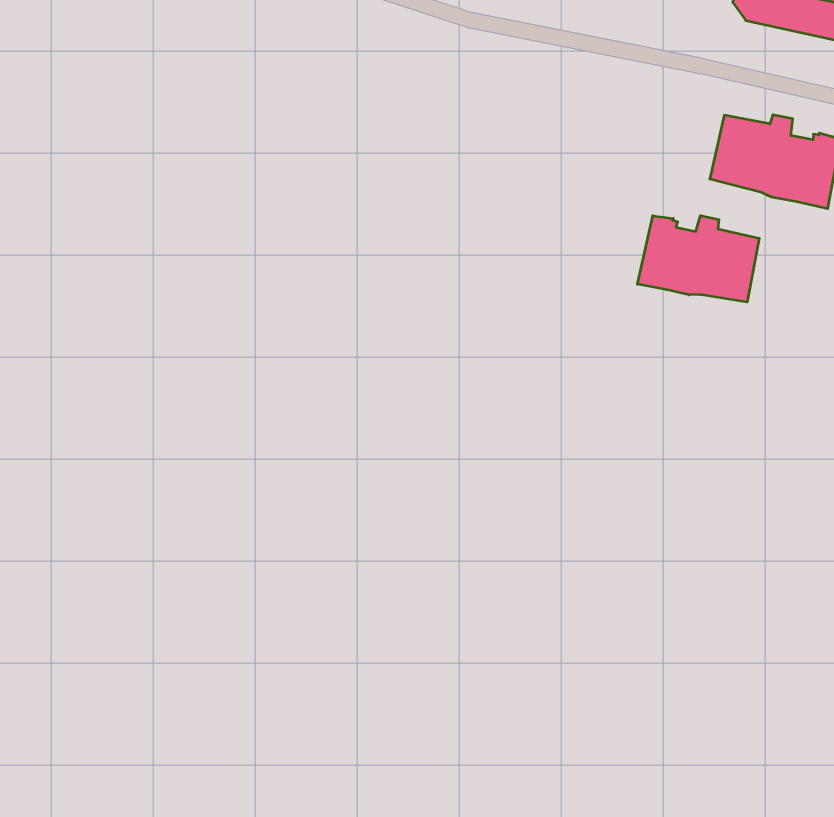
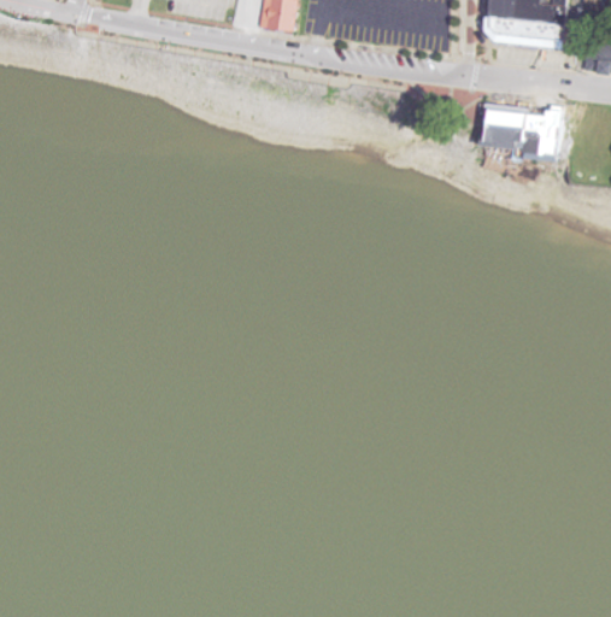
building: [637,216,759,302] -> none

